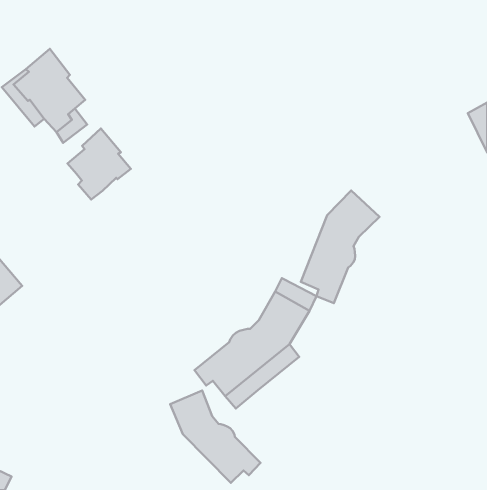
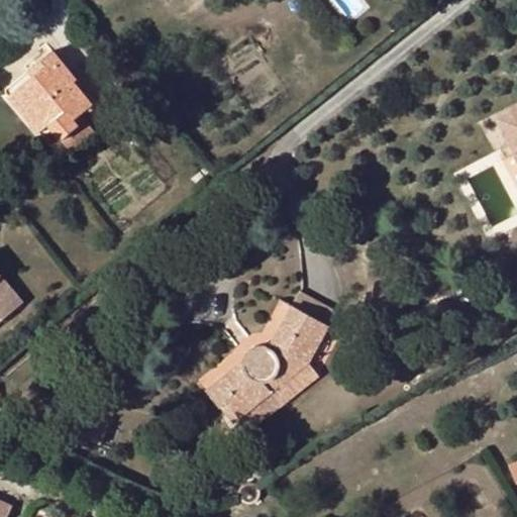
building: [68,128,131,199] -> none
building: [301,191,380,303] -> none
building: [170,390,261,483] -> none

